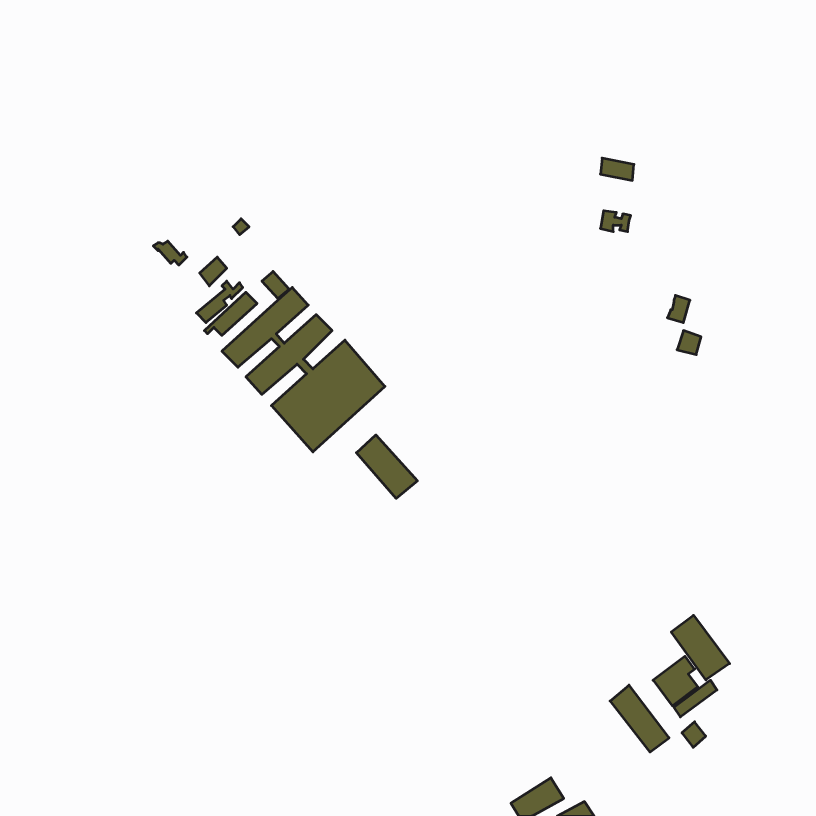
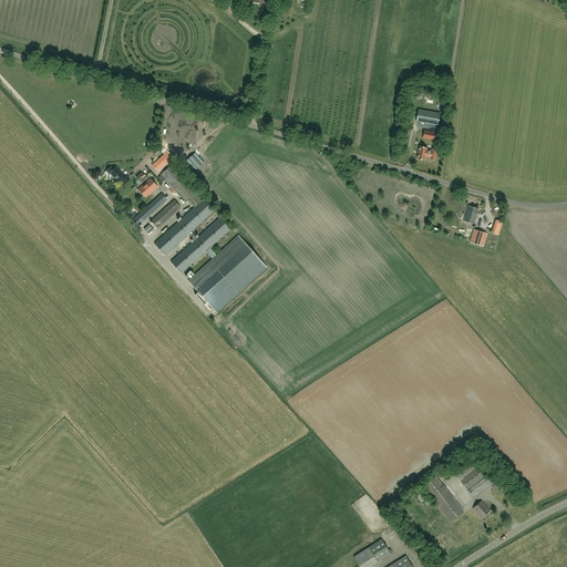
building: [356,435,417,498] -> none
building: [671,615,730,680] -> none

